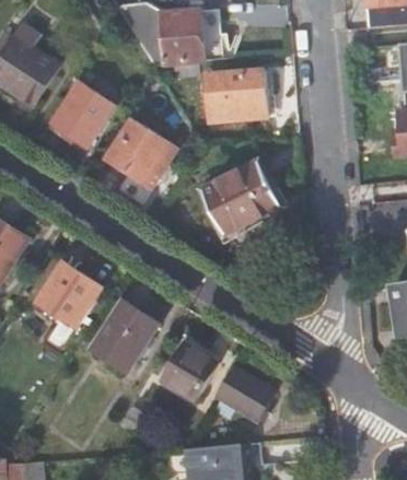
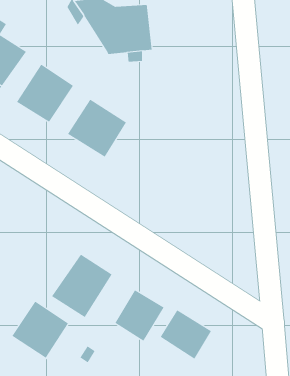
building: [205,69,268,122] -> none
building: [199,161,280,235] -> none
building: [37,260,104,327] -> [11,301,69,359]

